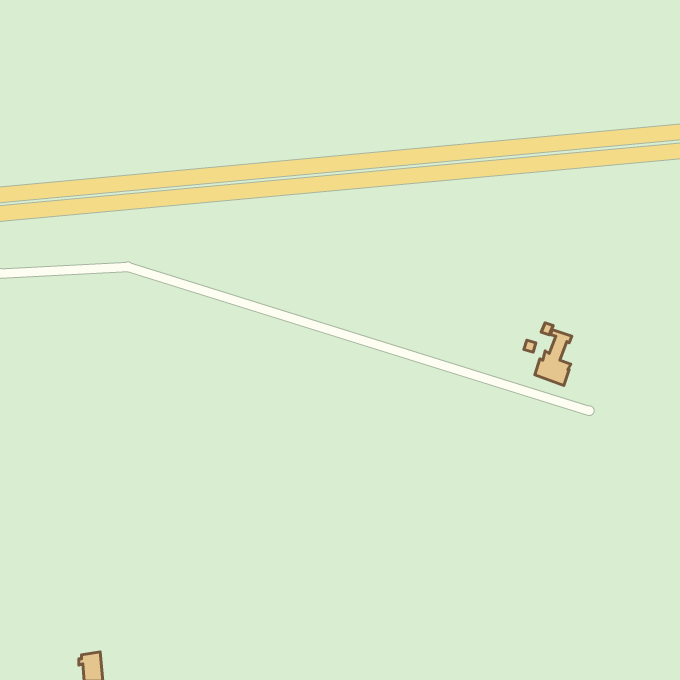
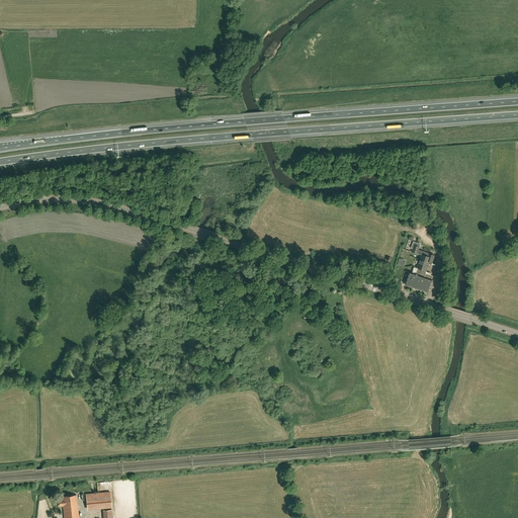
building: none -> [87,493,112,511]

